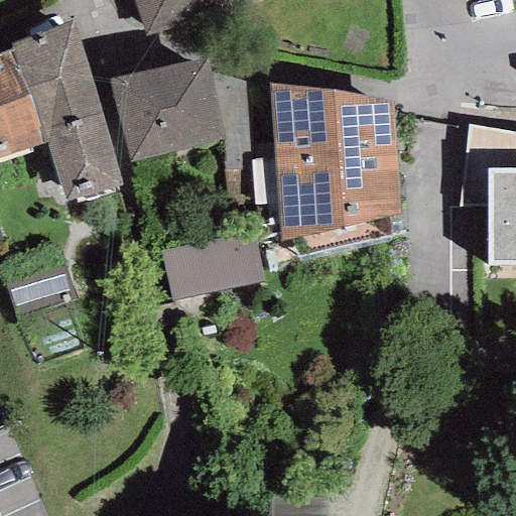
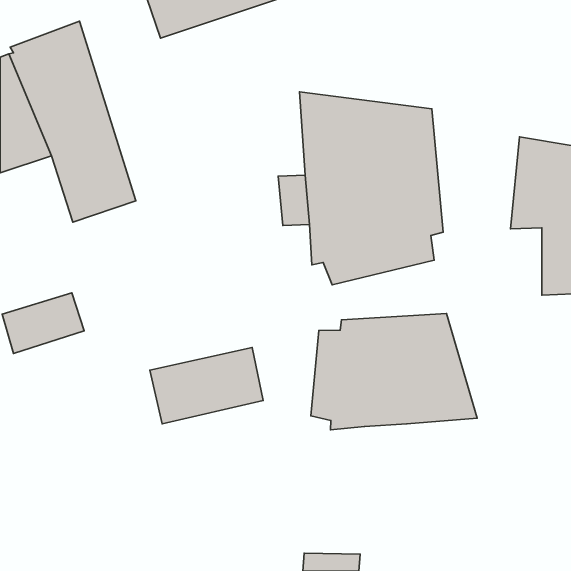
building: [111,56,226,160] -> none
building: [162,231,264,299] -> [150,348,263,424]
building: none -> [311,313,477,430]

